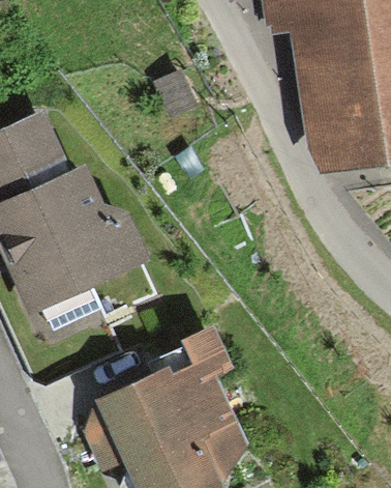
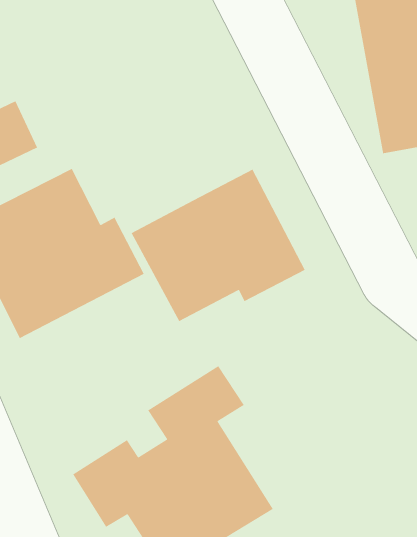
building: none -> [131,169,306,322]

